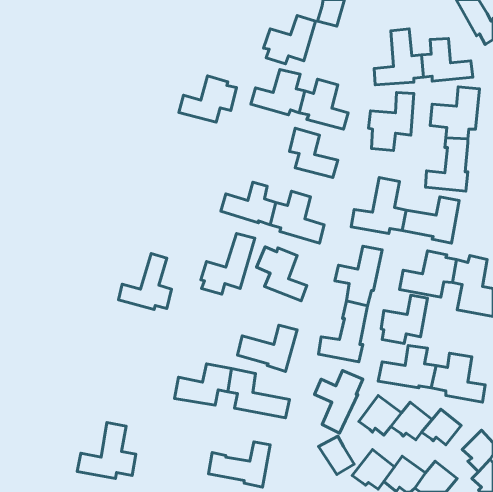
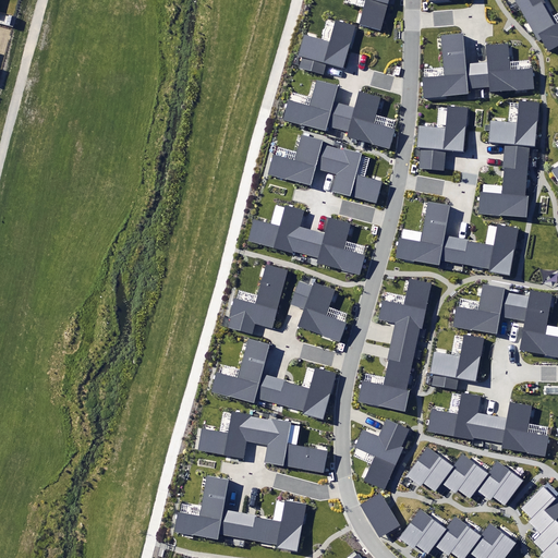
building: [179,76,237,122] -> [268,132,333,184]
building: [118,253,172,309] -> [214,339,274,402]
building: [77,422,136,478] -> [173,475,240,538]

